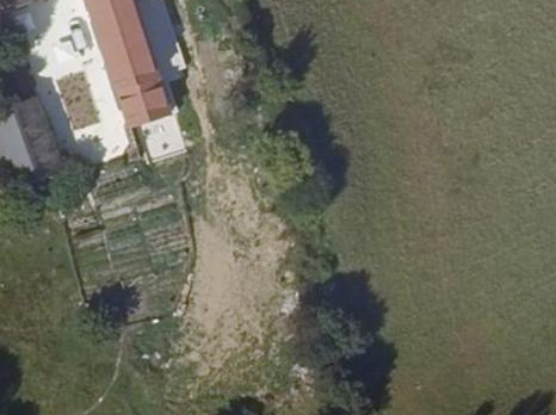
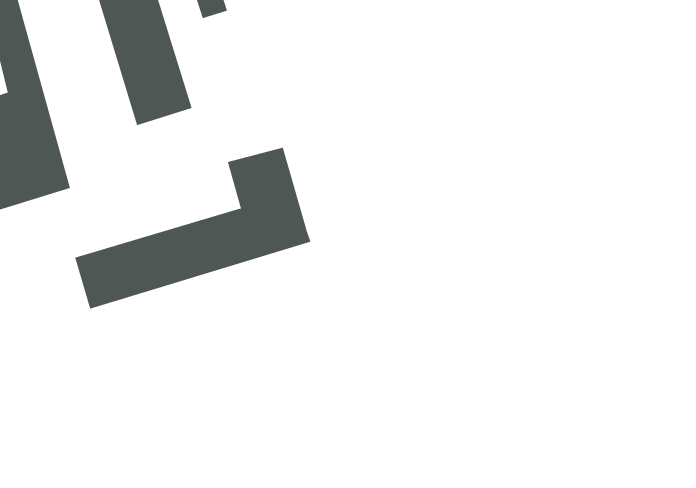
building: none -> [75,147,311,309]

